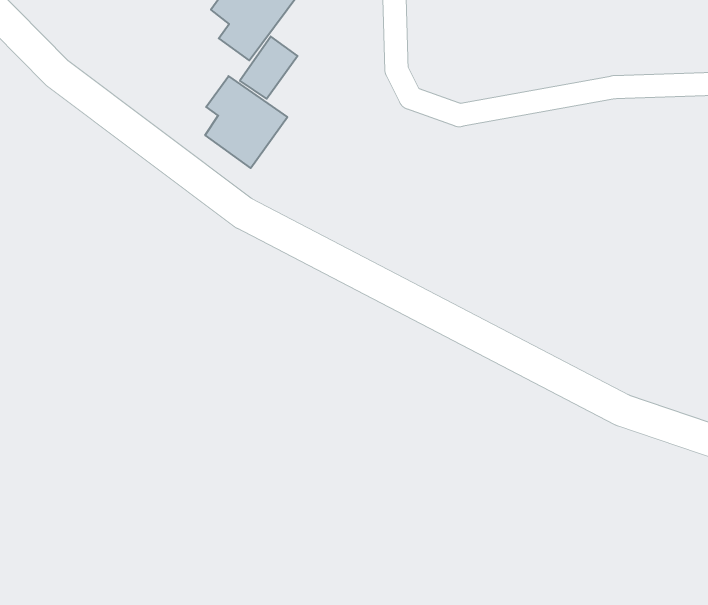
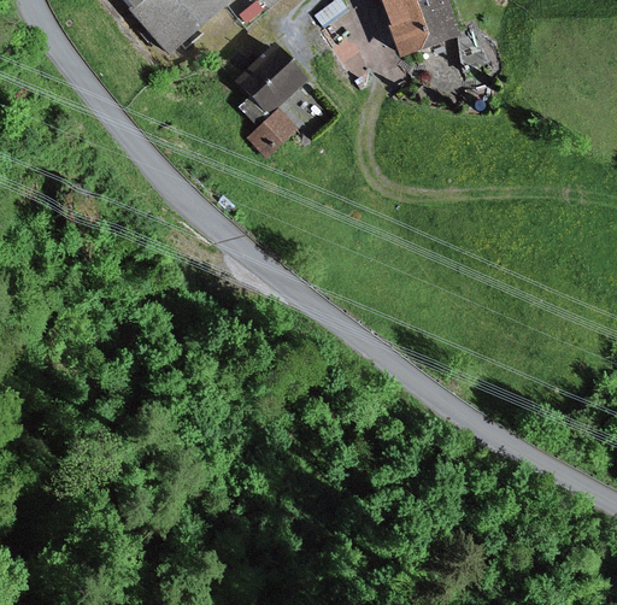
building: [205,76,287,168] -> none

